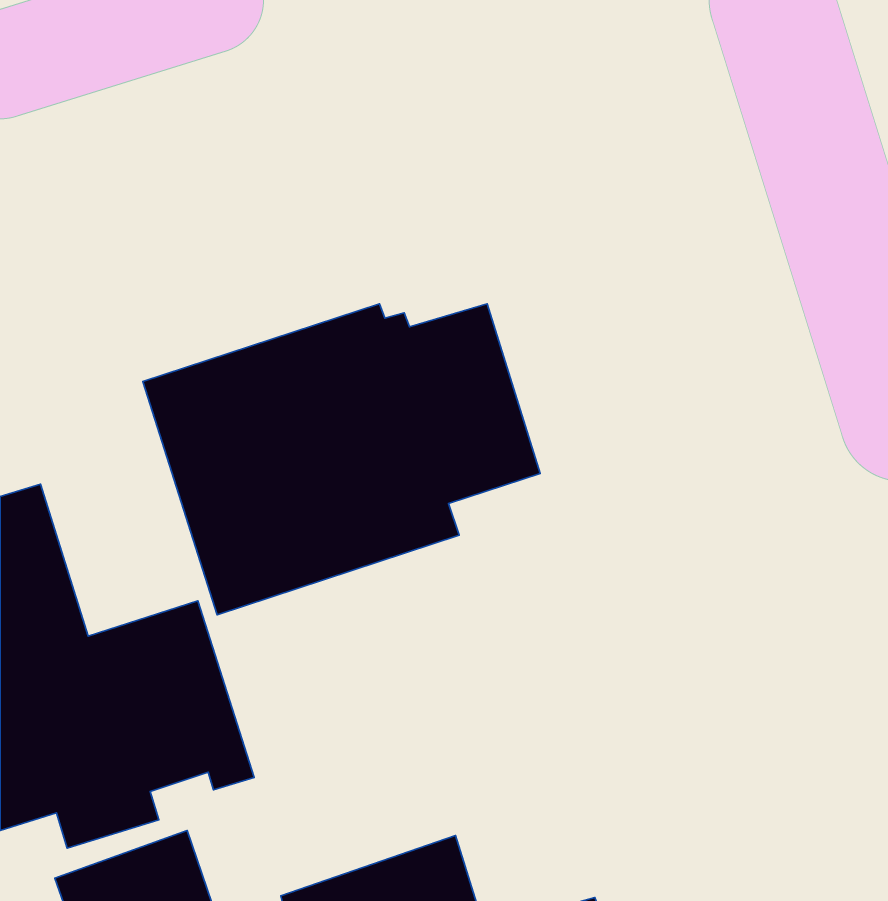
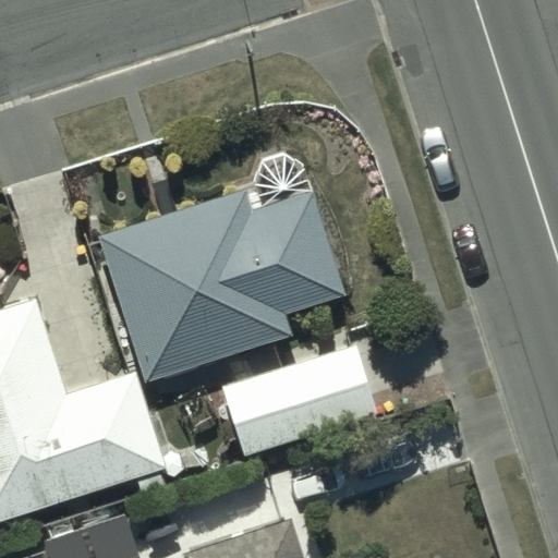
building: none -> [221,343,380,457]

